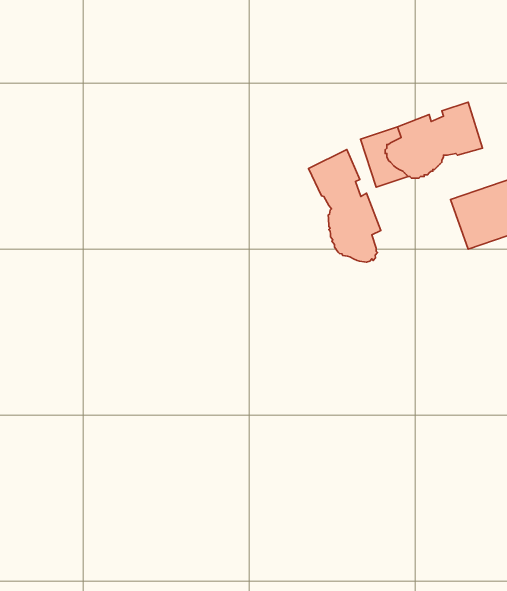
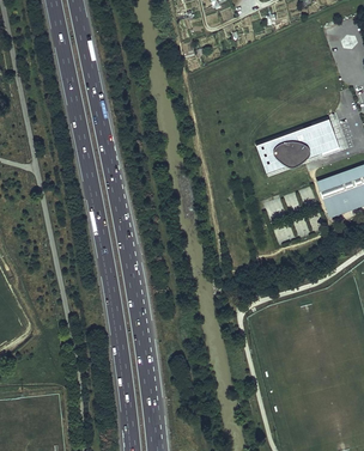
building: [309,149,381,262] -> none

